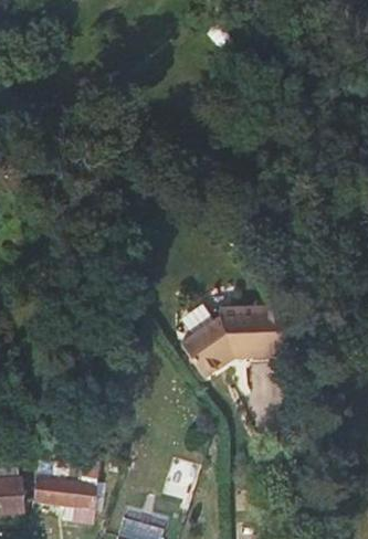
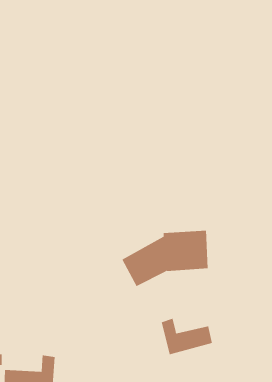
building: none -> [161,318,213,355]

